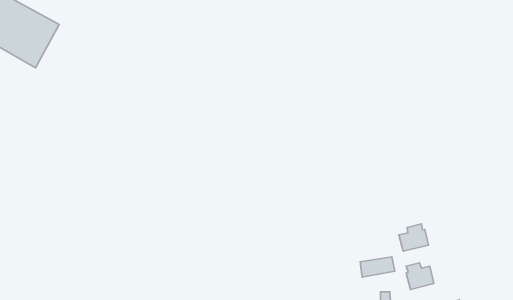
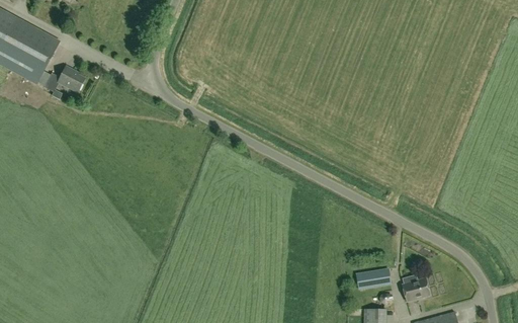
building: none -> [44,66,84,91]
building: [399,224,429,251] -> none

